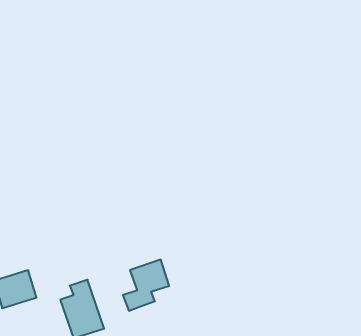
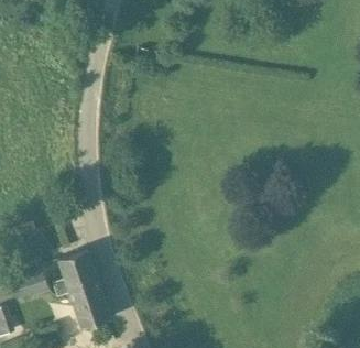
building: [123,260,169,311] -> [52,251,95,298]

